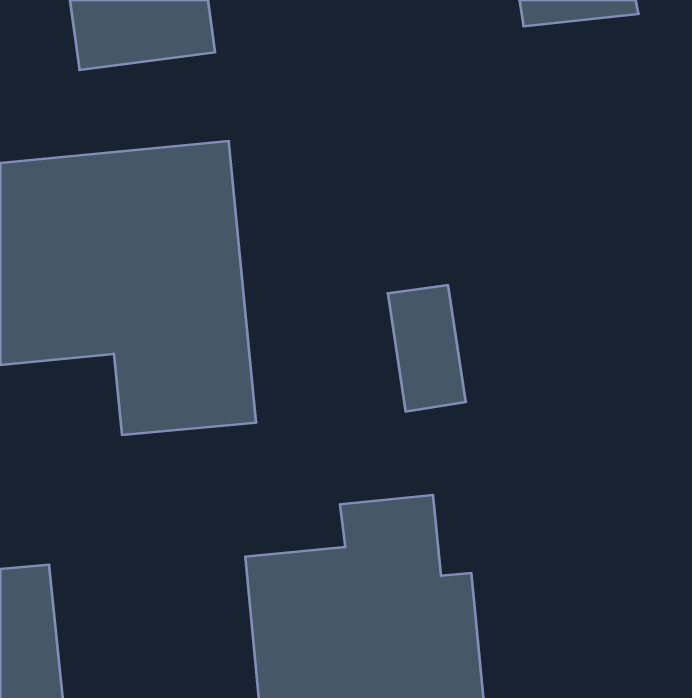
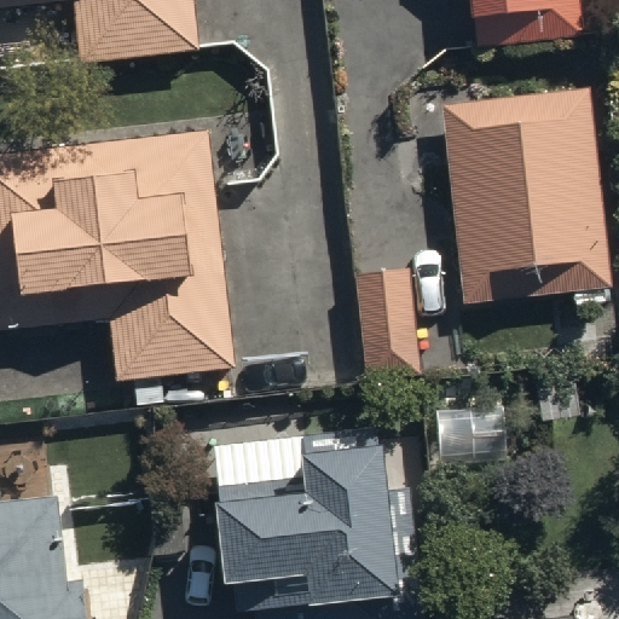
building: none -> [449,94,600,300]

